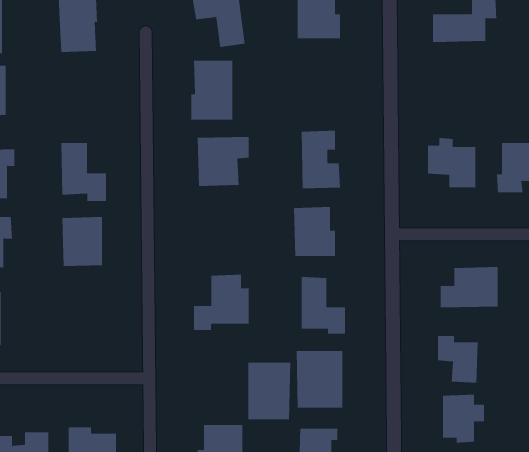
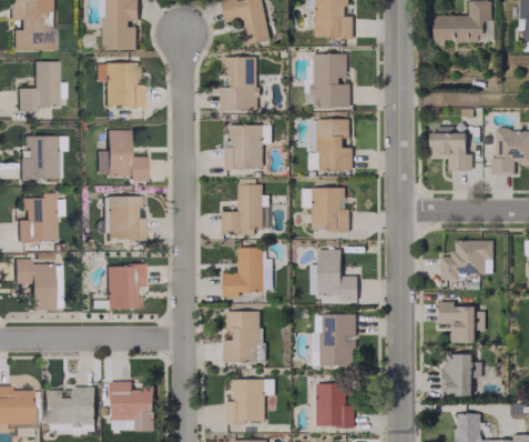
building: none -> [313,53,352,108]
building: none -> [95,63,141,107]
building: none -> [222,184,271,234]
building: none -> [106,264,143,309]
building: [247,362,291,420] -> [225,311,264,362]

